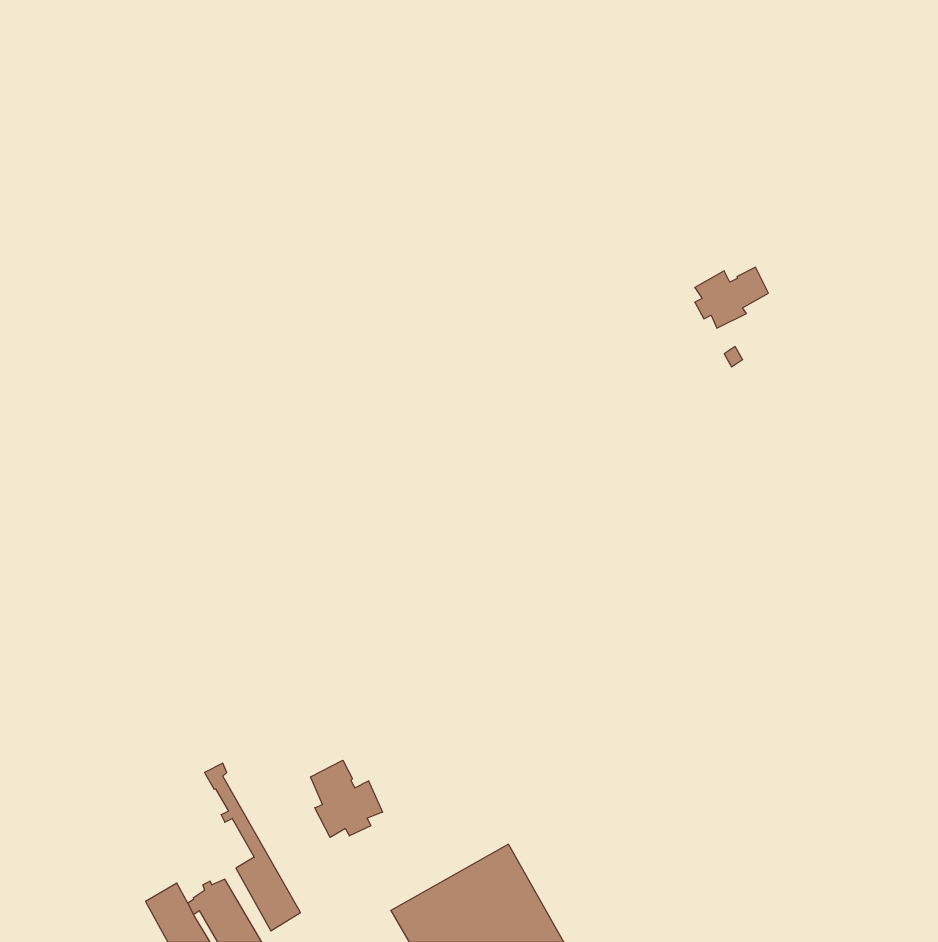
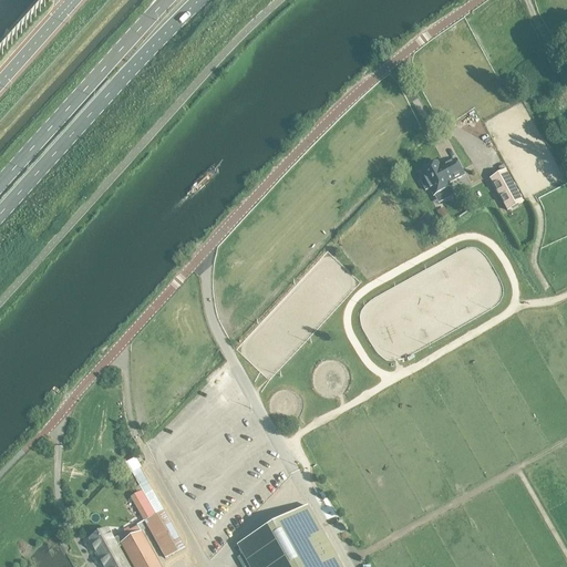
building: none -> [488,172,520,212]
building: [311,760,383,837] -> none

